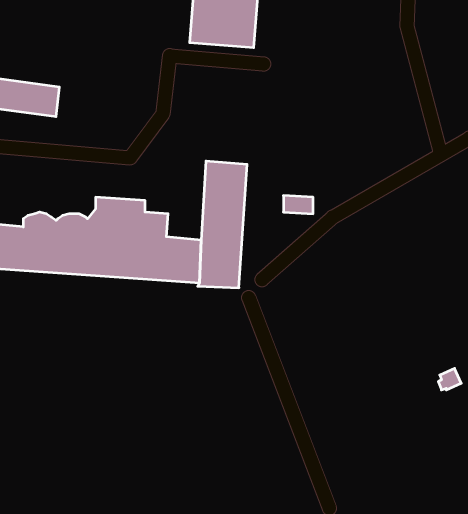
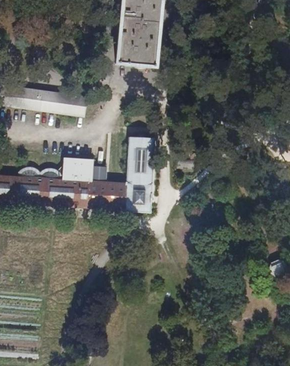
building: none -> [38,89,86,113]

